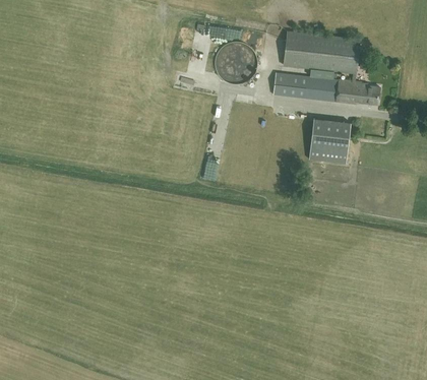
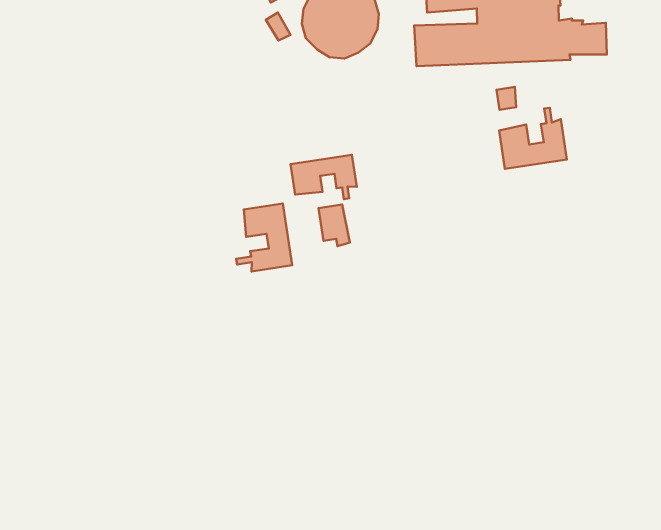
building: none -> [291,155,357,199]
building: none -> [236,204,292,271]

